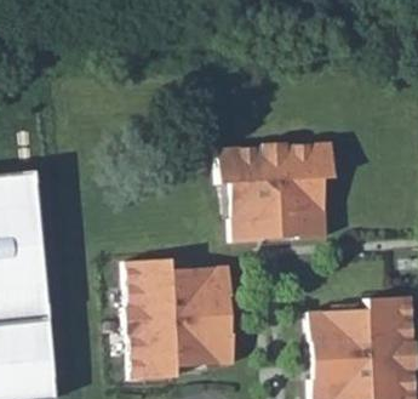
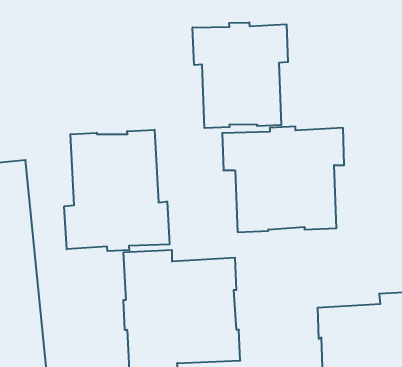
building: none -> [193,22,288,128]
building: none -> [64,130,169,251]

